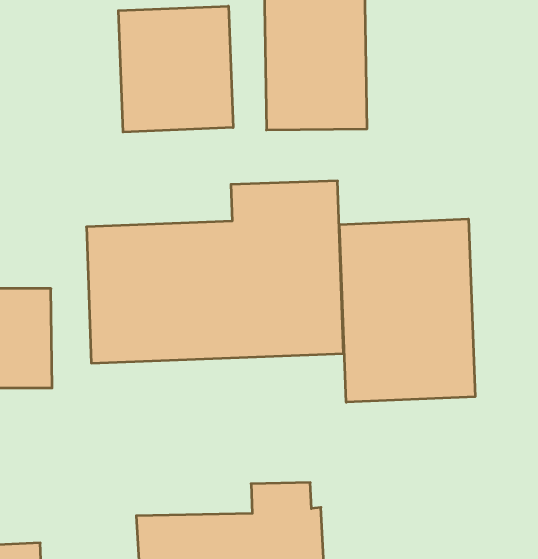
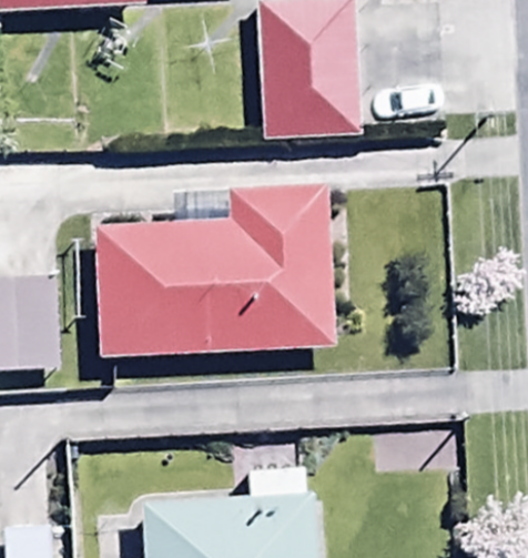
building: [118,6,233,132] -> none
building: [340,219,475,402] -> none

